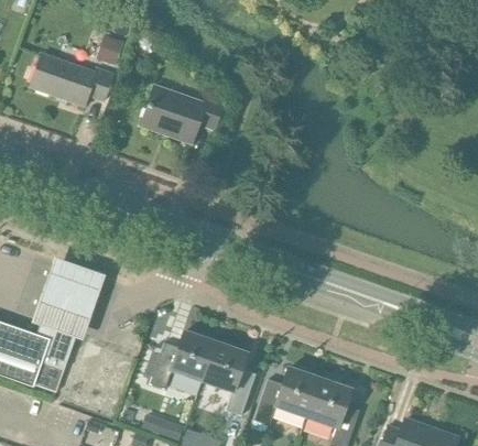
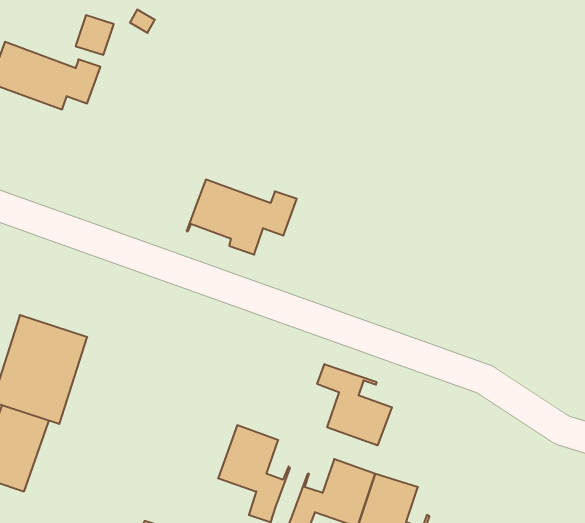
building: [141,87,224,143] -> [187,180,297,255]
building: none -> [317,364,392,445]
building: [150,331,216,389] -> none

